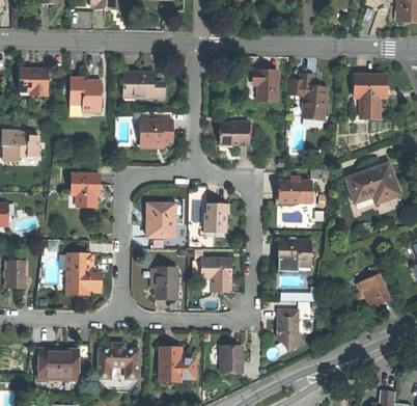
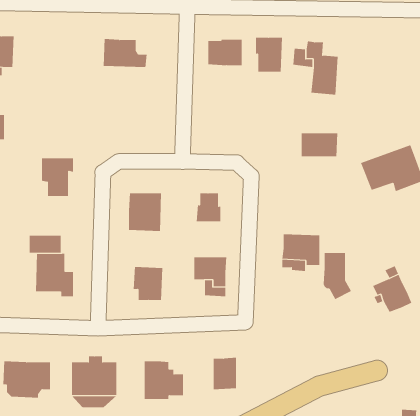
building: [354,74,386,117] -> none
building: [68,77,101,112] -> none
building: [140,119,172,144] -> none
building: [219,123,249,145] -> [207,39,242,66]
building: [278,181,310,201] -> [301,133,338,157]
building: [277,309,302,350] -> [323,253,352,300]

